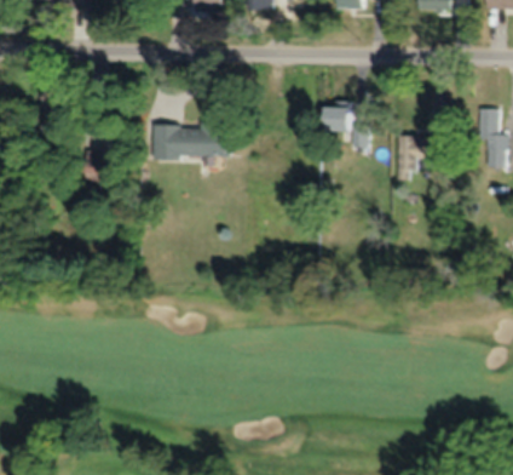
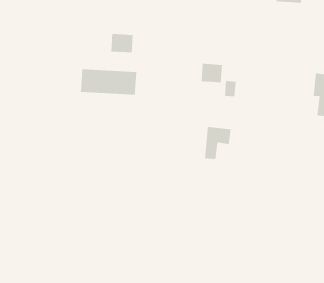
building: none -> [111,33,133,53]
building: [397,135,432,179] -> [204,127,231,159]

